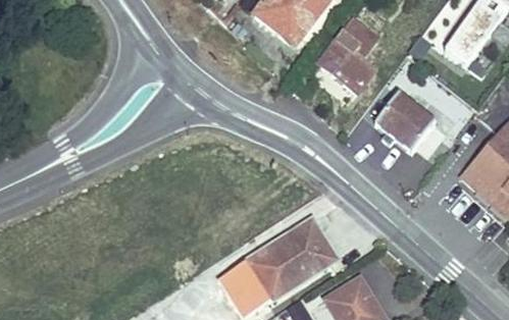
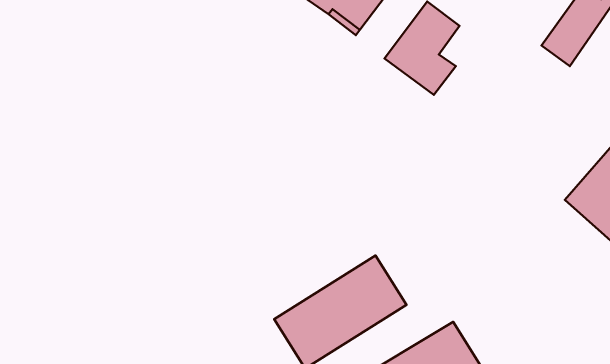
building: [374,86,435,153] -> none

